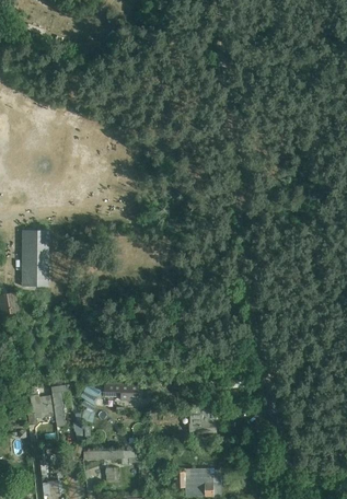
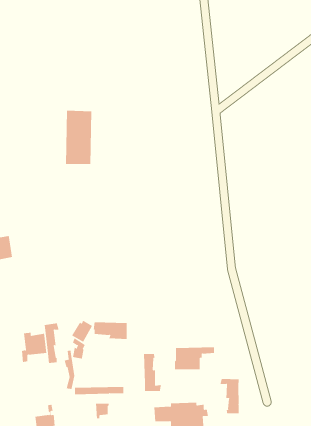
building: [21,229,49,286] -> [65,110,92,164]
building: none -> [143,353,161,392]
building: none -> [220,378,239,414]

